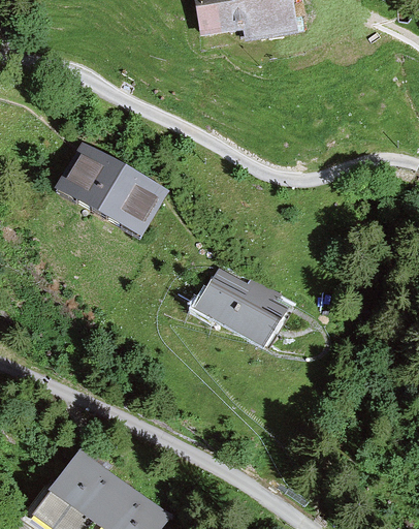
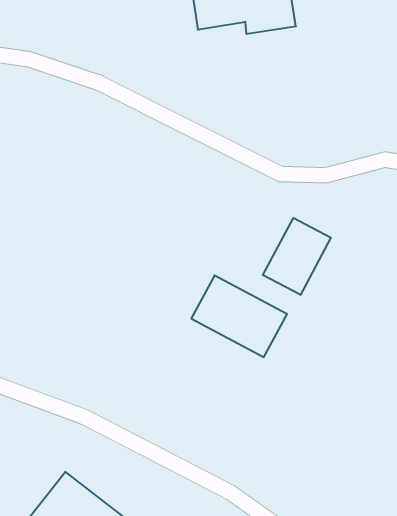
building: [59,145,166,236] -> none
building: none -> [263,218,331,295]

